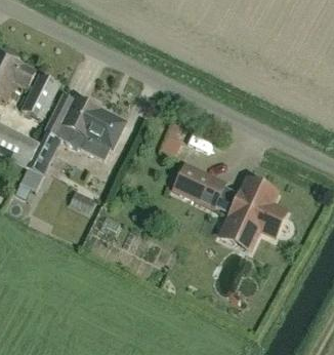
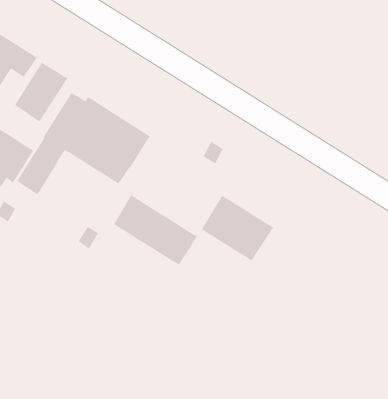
building: none -> [113,194,198,266]
building: [225,179,285,239] -> none

